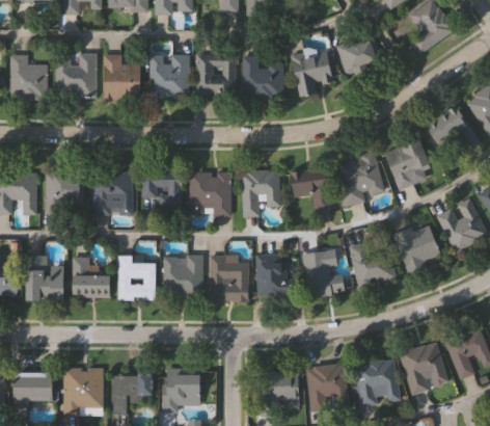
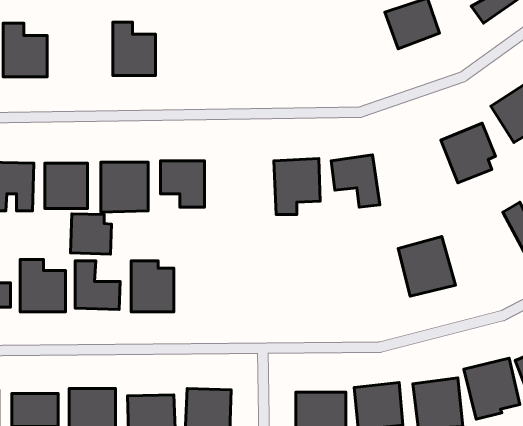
building: [290,50,333,98] -> none
building: [55,54,97,99] -> none
building: [149,55,189,98] -> none
building: [196,56,236,101] -> none
building: [243,56,283,98] -> none
building: [333,151,384,208] -> none
building: [189,174,232,216] -> none
building: none -> [71,214,111,254]
building: [392,224,440,274] -> none
building: [302,249,345,299] -> none
building: [255,254,294,298] -> none
building: [163,256,202,296] -> none
building: [210,256,249,301] -> none

